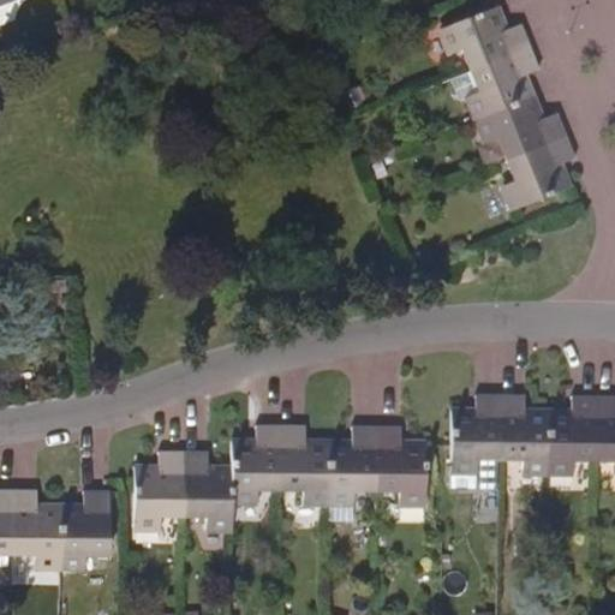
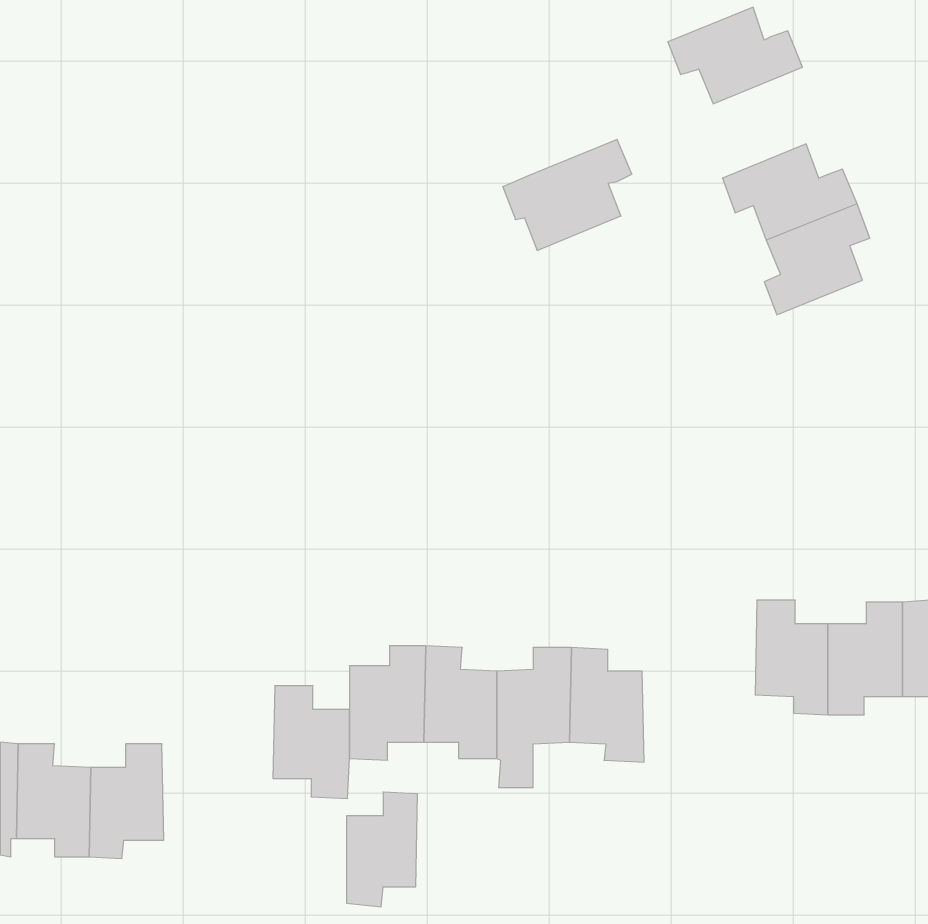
building: [455,44,541,118] -> [503,140,632,250]
building: [452,396,501,471] -> none
building: [136,452,183,527] -> [347,792,418,907]

